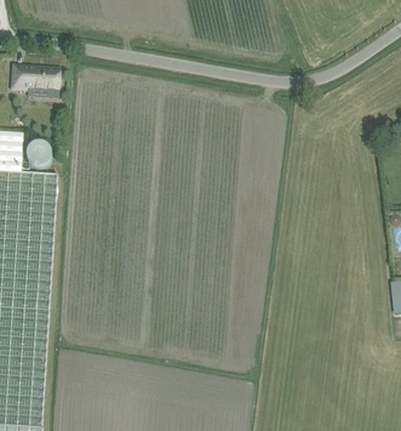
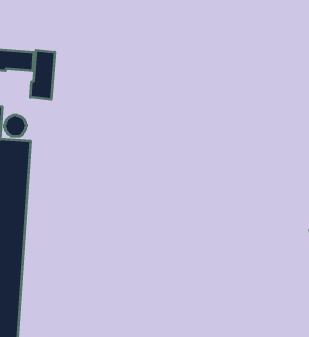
building: none -> [30,50,55,99]

